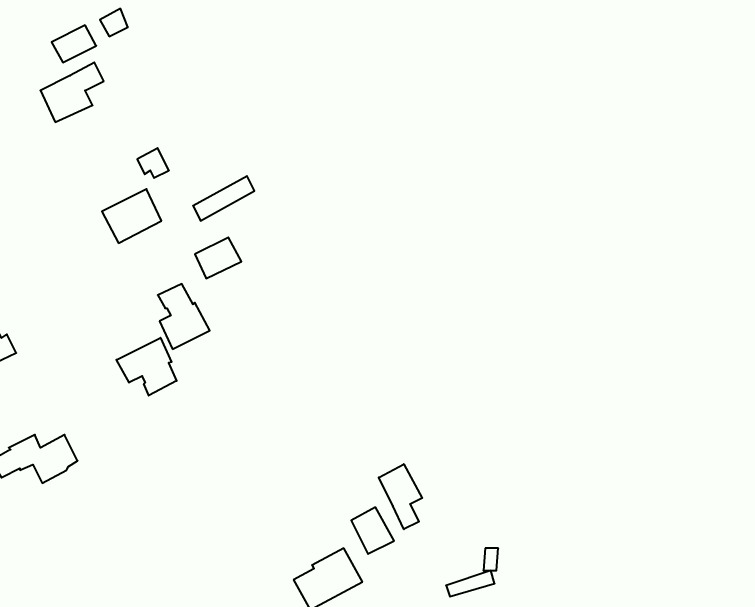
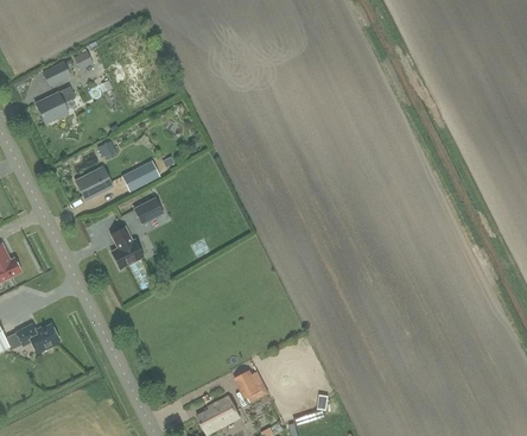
building: [116,338,177,396] -> none
building: [379,464,422,529] -> none

